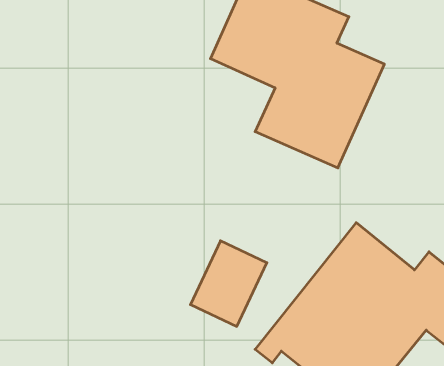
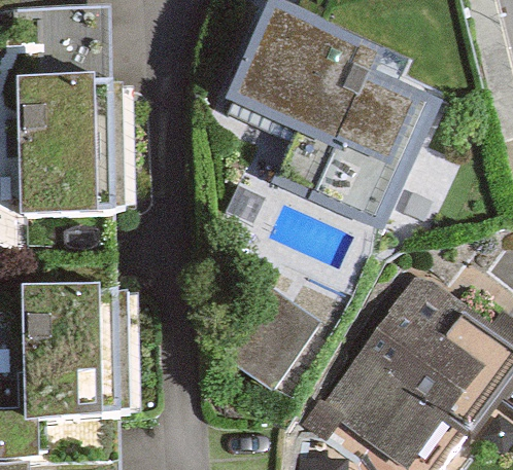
building: none -> [21,77,119,205]
building: none -> [27,284,134,417]

